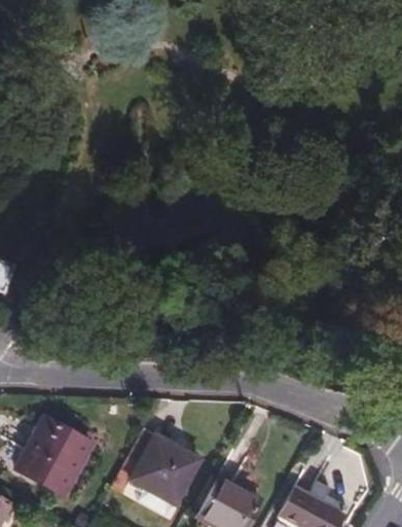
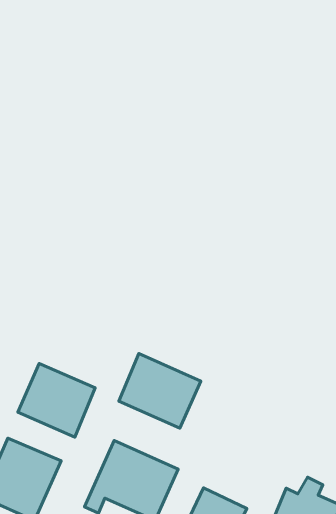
building: none -> [119,353,201,428]
building: none -> [18,364,95,437]

